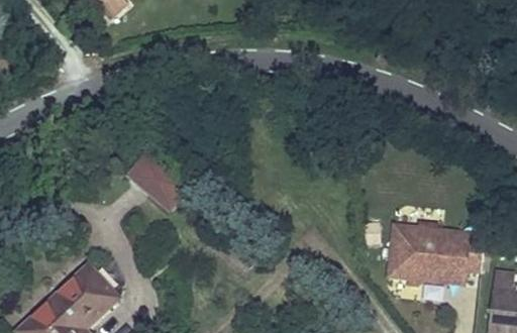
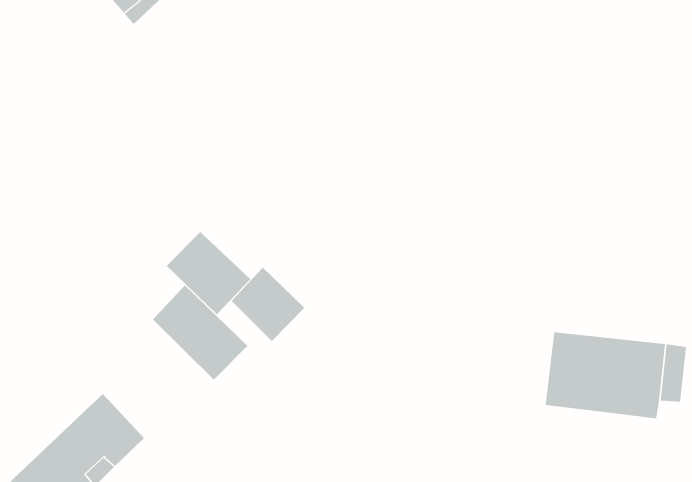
building: none -> [231,267,305,342]
building: none -> [152,284,248,381]

